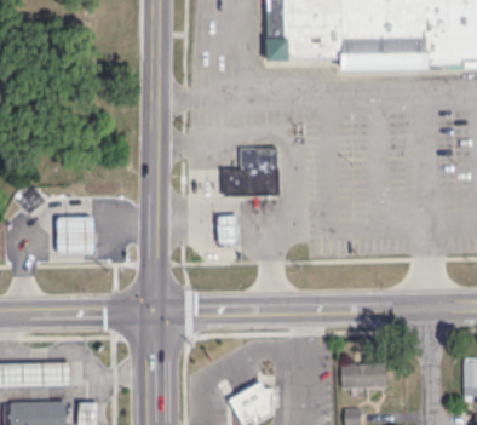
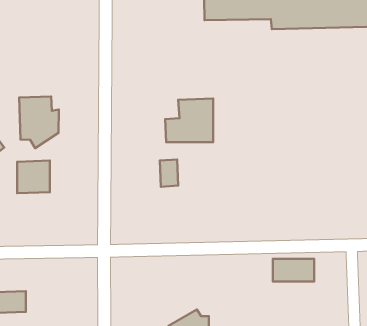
building: none -> [19,96,59,148]
building: [340,363,386,389] -> [273,259,314,282]

